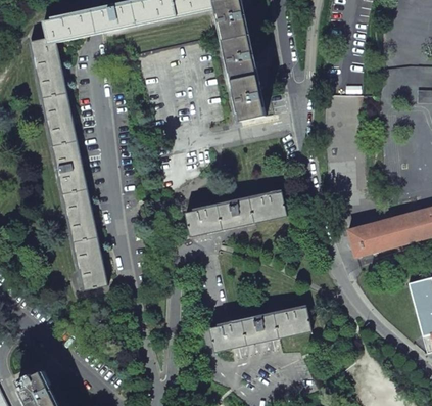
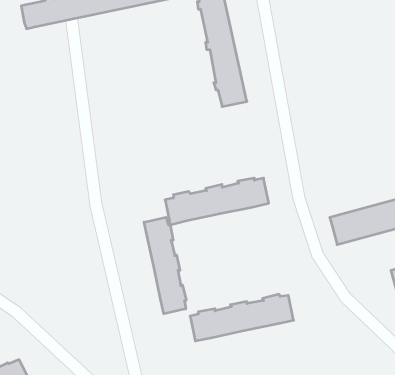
building: [31,38,106,290] -> none
building: none -> [144,217,186,314]

